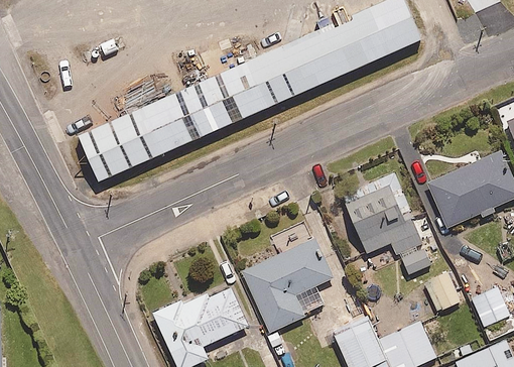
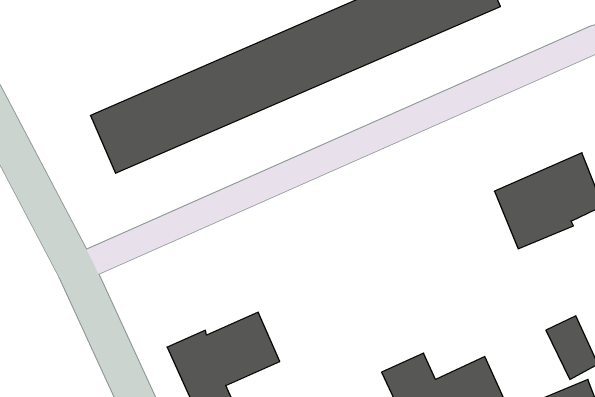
building: [343,177,431,276] -> none
building: [243,241,332,335] -> none
building: [425,274,462,314] -> none

